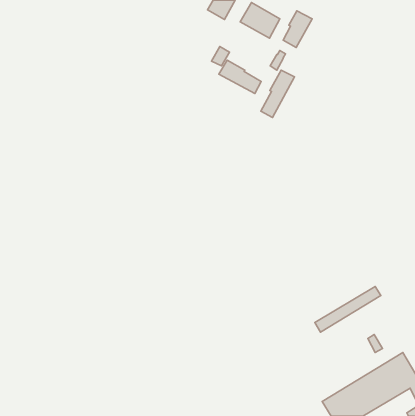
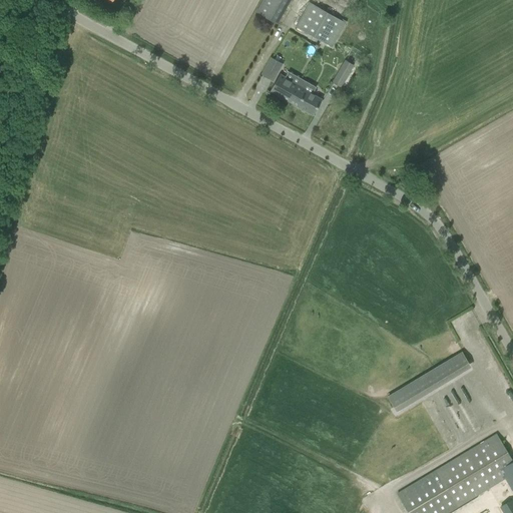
building: [283,11,312,47] -> none
building: [261,70,295,118] -> none

